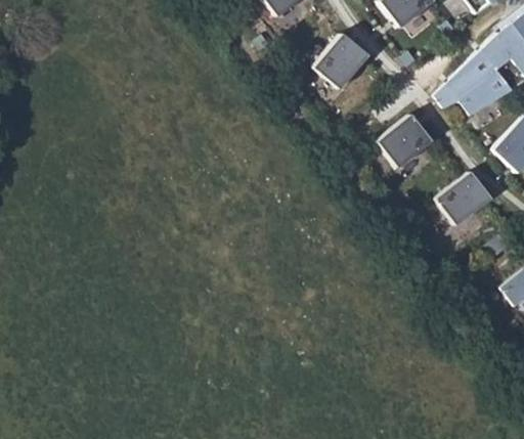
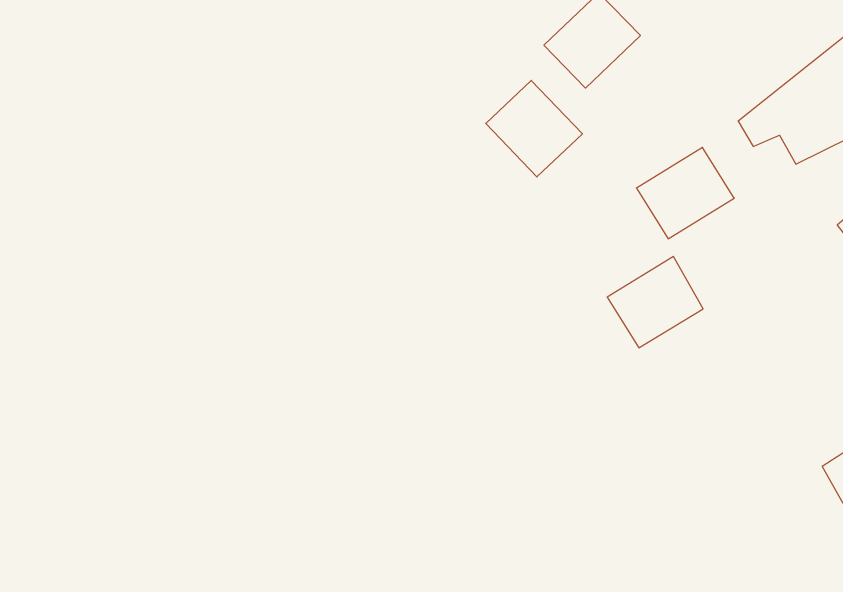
building: none -> [486,80,582,177]
building: [437,169,492,223] -> [607,256,703,348]

